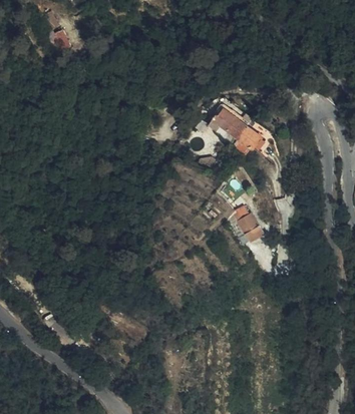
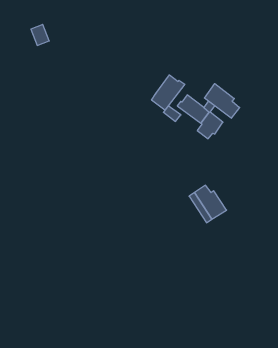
building: none -> [152,75,185,110]
building: none -> [204,84,240,118]

